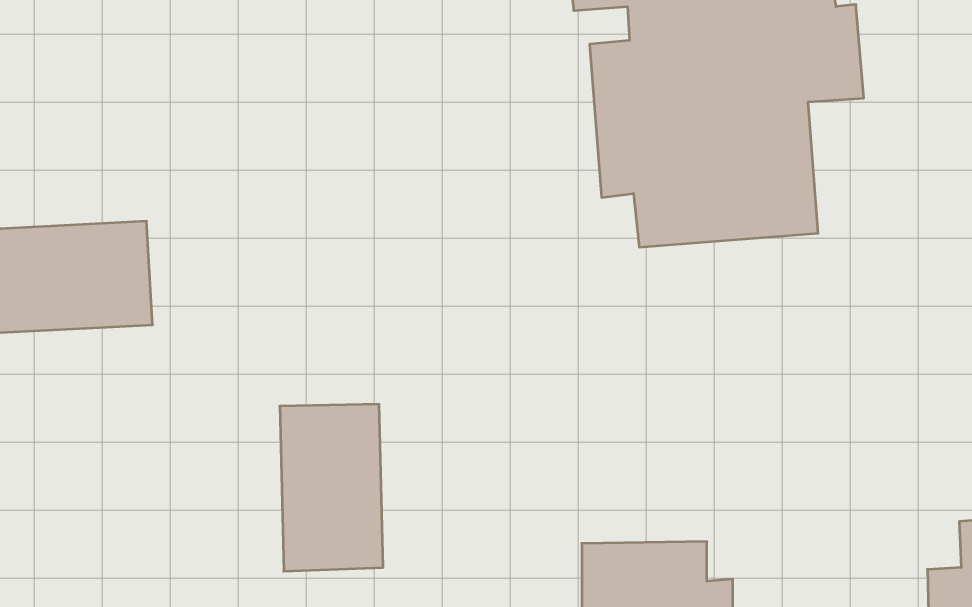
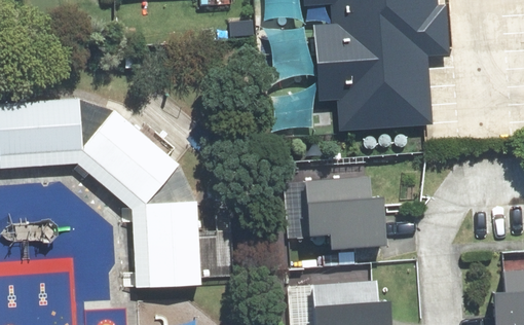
building: none -> [88,119,184,211]
building: none -> [300,176,387,250]

